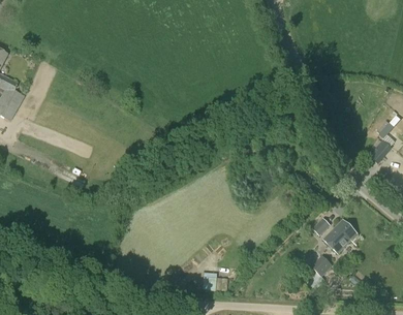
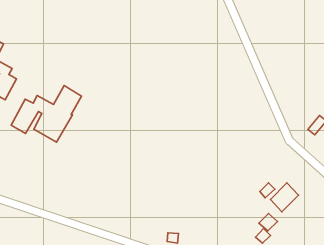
building: none -> [11,86,81,142]

